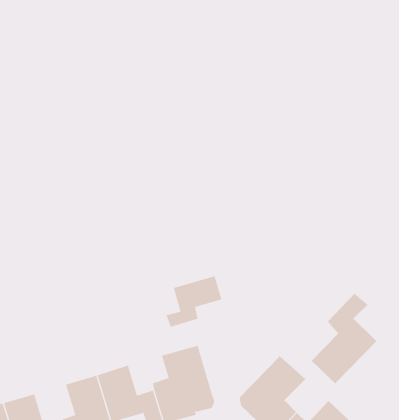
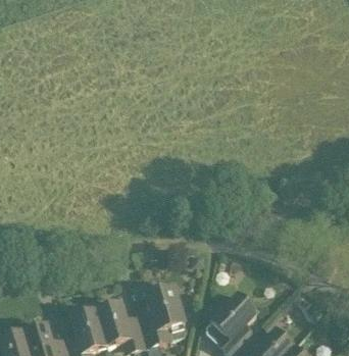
building: [166,275,222,328] -> none
building: [311,293,377,384] -> none

